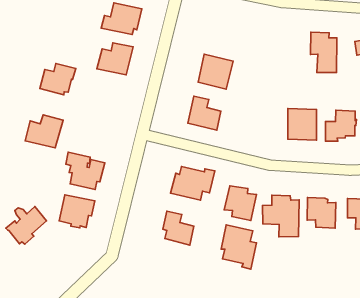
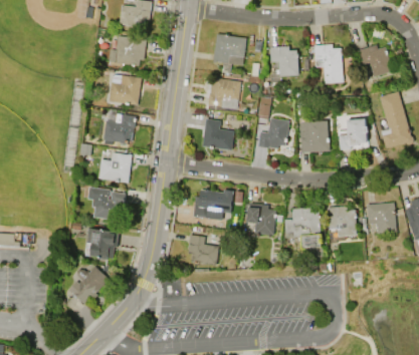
building: none -> [213,34,246,65]
building: none -> [269,46,298,76]
building: [40,63,76,95] -> [102,113,136,143]
building: none -> [257,118,288,149]
building: [25,115,63,148] -> [96,151,132,183]
building: [6,206,47,244] -> [68,266,108,304]
building: [221,225,256,269] -> none

